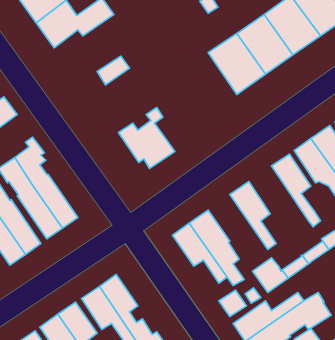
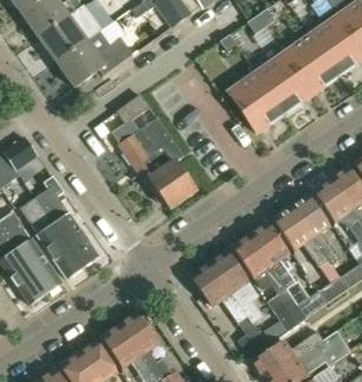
building: none -> [119,117,177,171]
building: none -> [272,204,328,266]
building: none -> [231,233,287,293]

